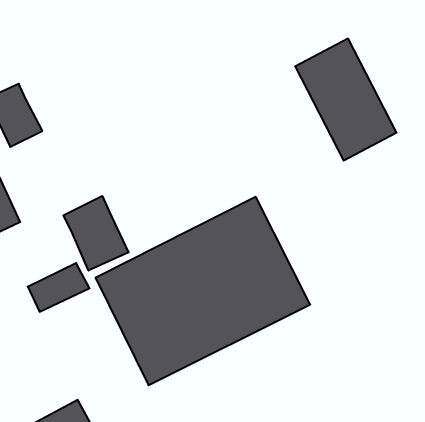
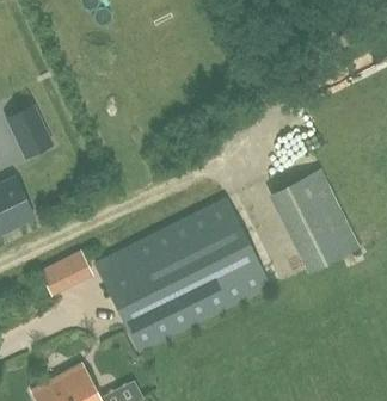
building: [295,39,397,161] -> [274,171,356,270]
building: [63,196,129,271] -> none

